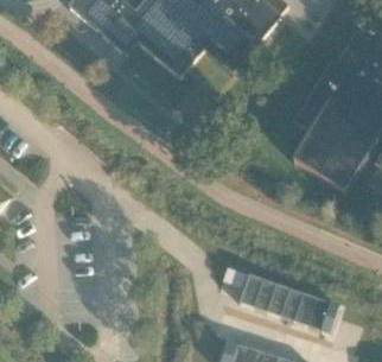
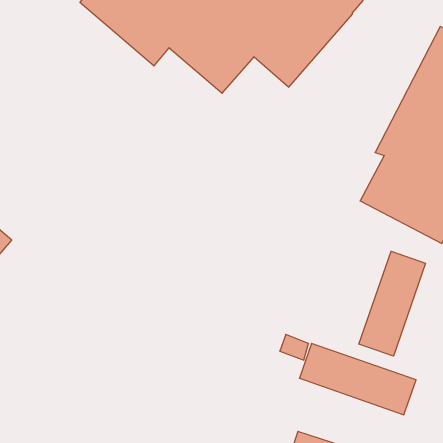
building: none -> [359,251,426,356]

